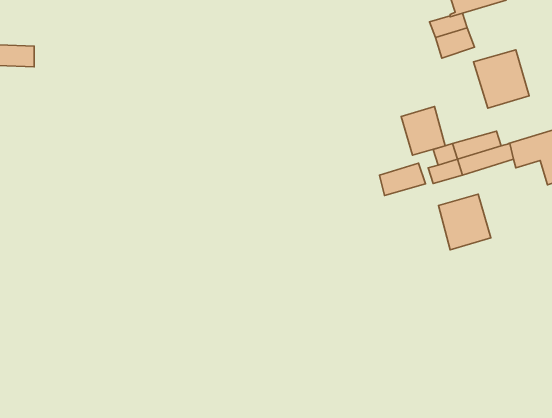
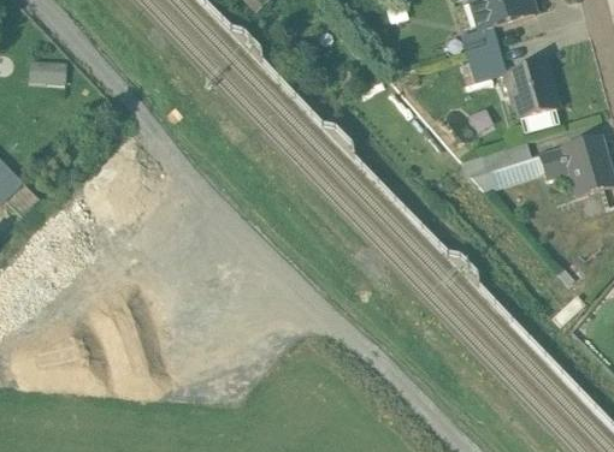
building: [401,107,445,155] -> none
building: [379,163,425,196] -> none
building: [438,194,491,250] -> none

